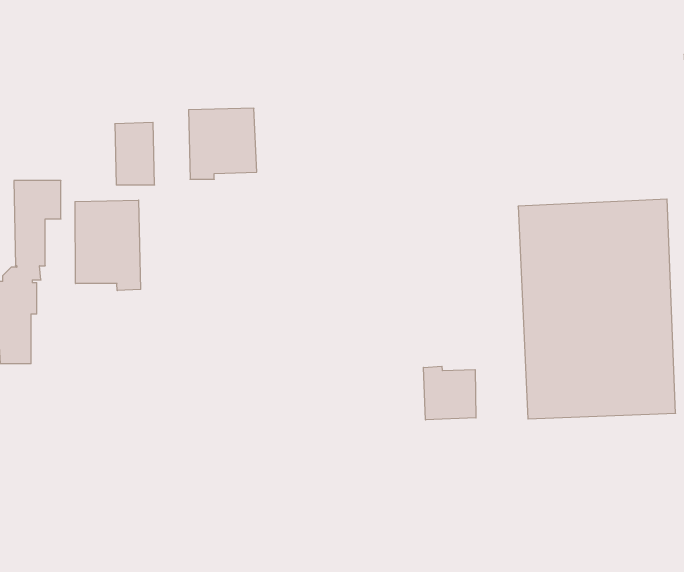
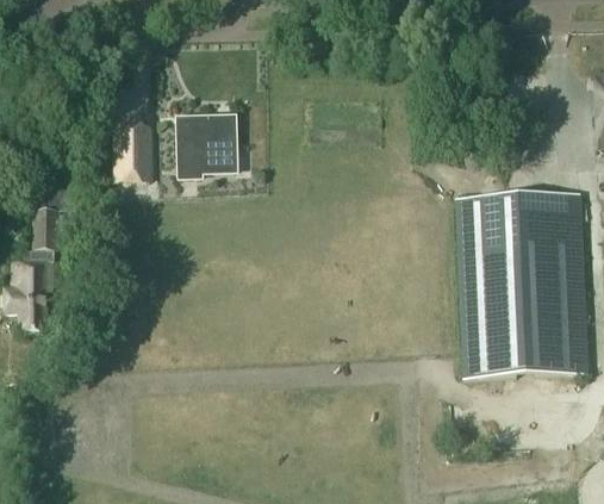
building: [75,200,141,291] -> none
building: [423,366,476,420] -> none

